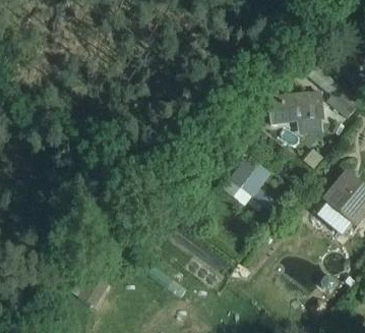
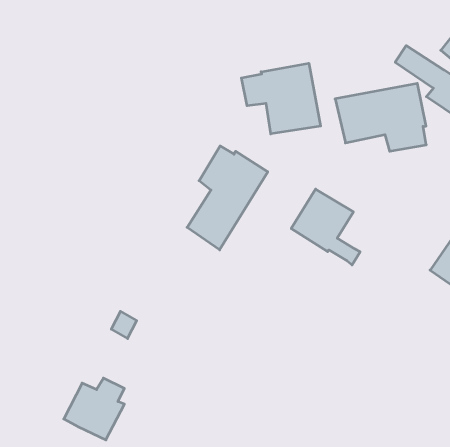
building: none -> [241,63,321,134]
building: none -> [187,146,268,250]

